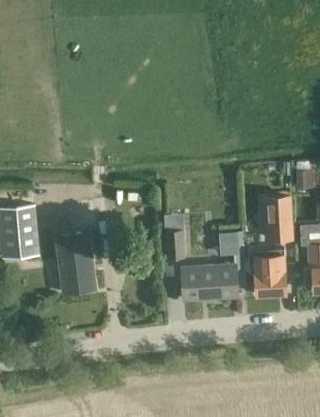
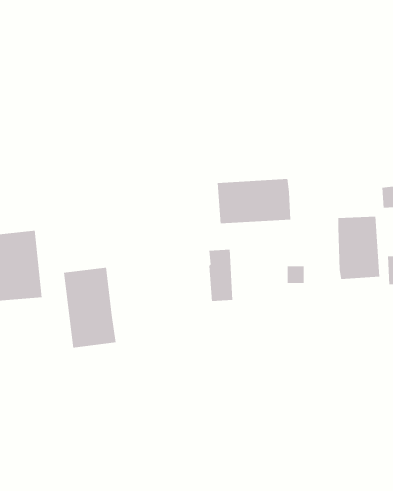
building: [249,250,287,296] -> none
building: [182,266,237,300] -> [217,179,291,224]

